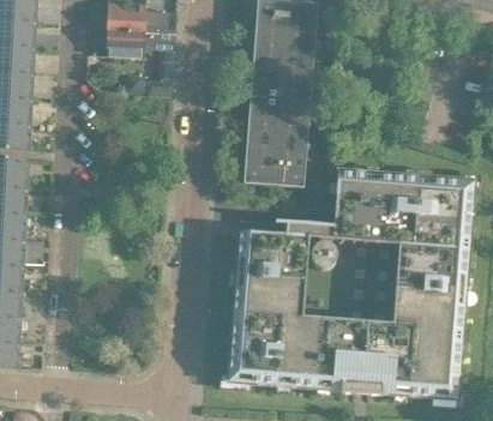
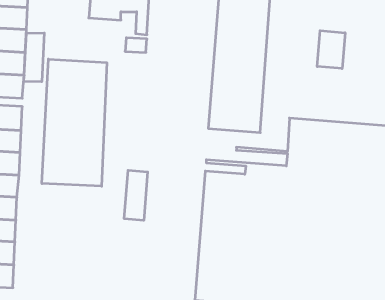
building: none -> [317,31,345,69]
building: none -> [24,33,44,82]
building: none -> [42,59,107,186]
building: none -> [124,170,148,220]

